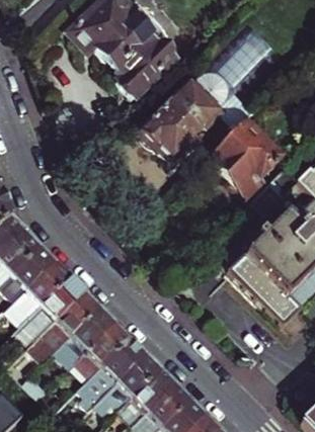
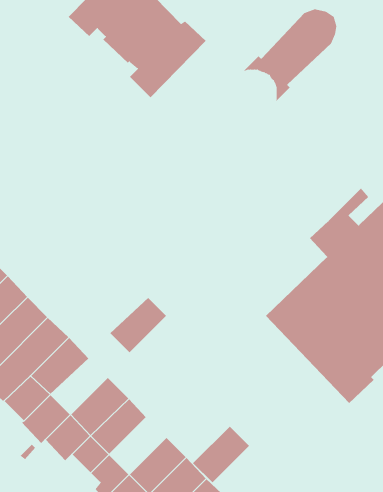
building: [140,72,227,158] -> none
building: [201,122,275,206] -> none
building: [56,290,99,333] -> [110,297,167,353]
building: [100,335,144,378] -> [192,426,250,483]

